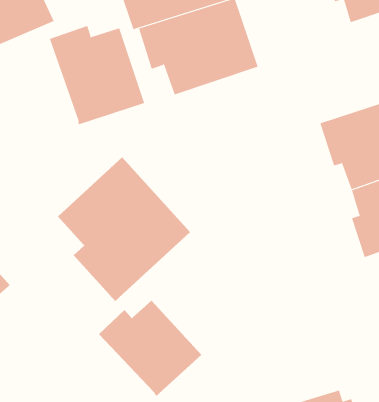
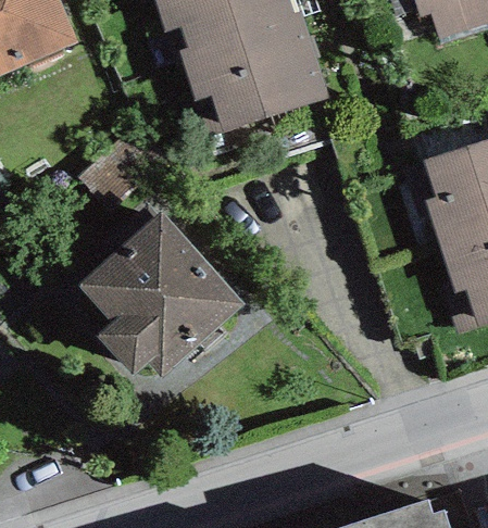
building: [49,25,145,125] -> none
building: [98,300,202,397] -> none

